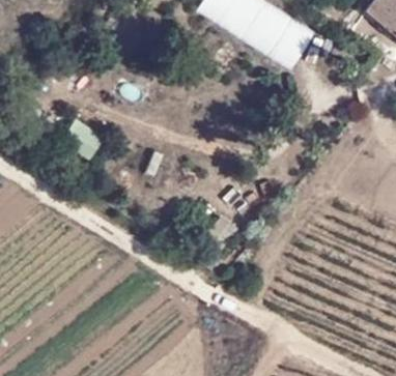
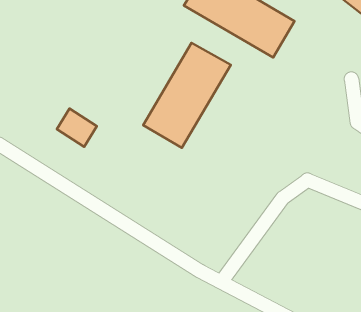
building: none -> [143,43,231,148]

